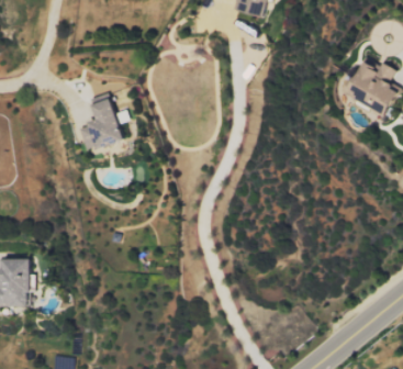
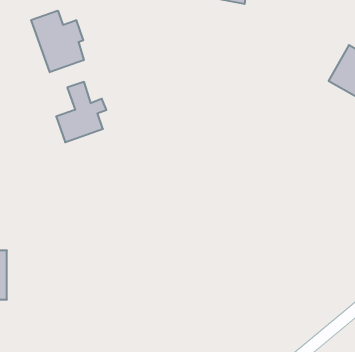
building: none -> [31,11,84,72]

